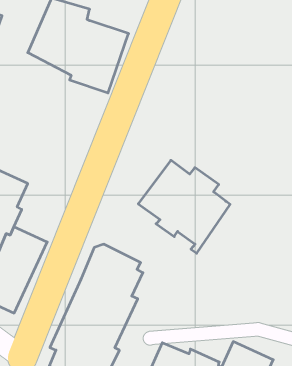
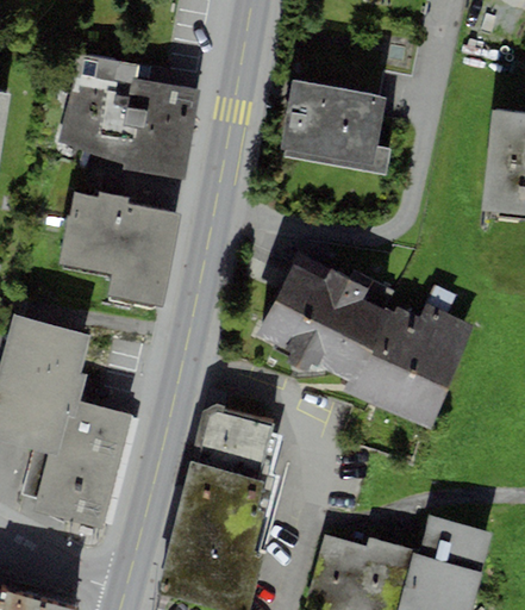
building: none -> [279,79,392,175]
building: none -> [60,191,181,304]
building: none -> [354,303,476,429]

